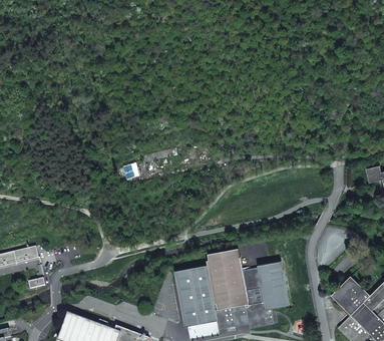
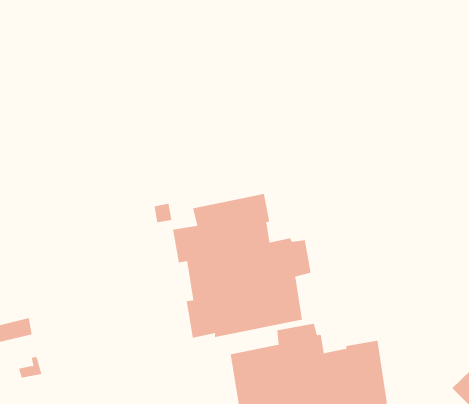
building: none -> [172,193,311,339]

